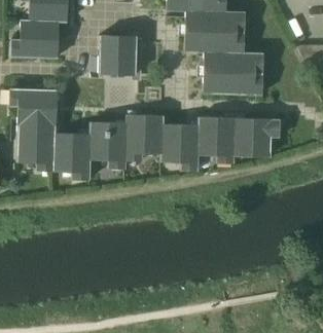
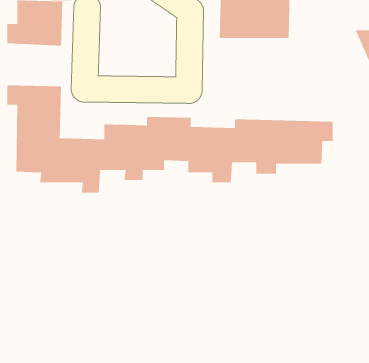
building: [99,37,137,76] -> none
building: [204,52,263,96] -> none

